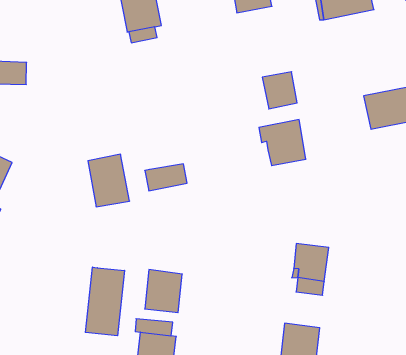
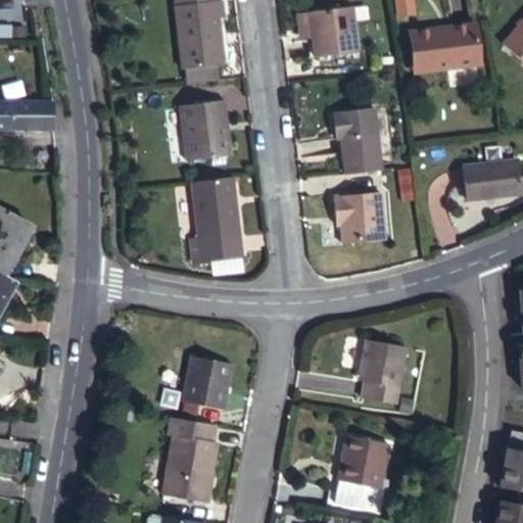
building: none -> [336,105,377,137]
building: none -> [179,101,231,161]
building: [88,154,130,207] -> [192,177,239,238]
building: [85,267,125,336] -> none

